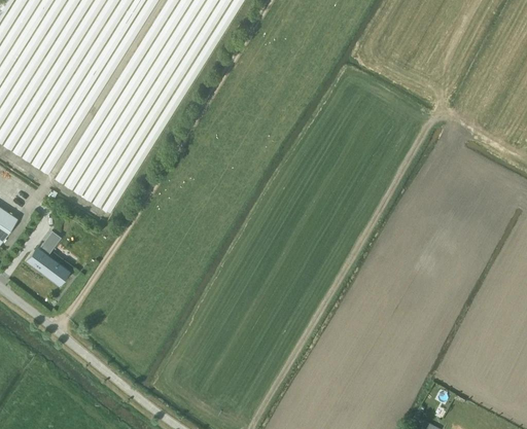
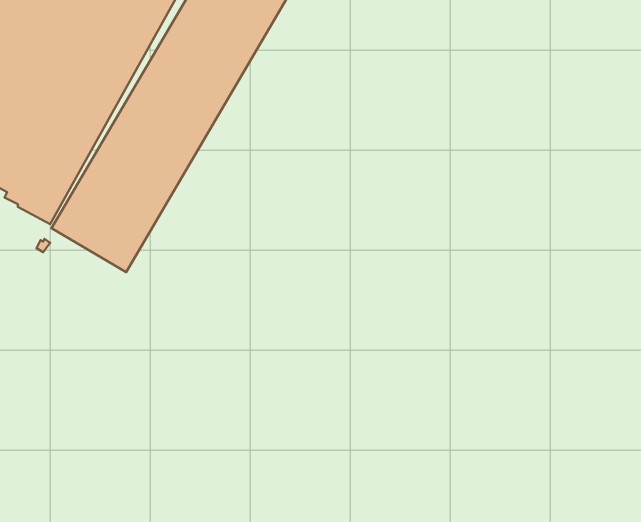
building: [22,240,69,283] -> none

